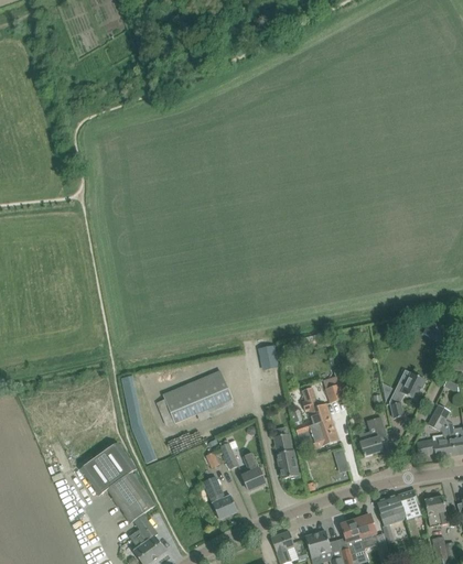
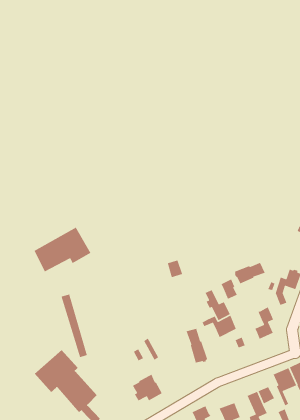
building: none -> [233,262,266,284]
building: [163,369,235,422] -> [33,226,91,272]
building: [241,452,265,489] -> none

